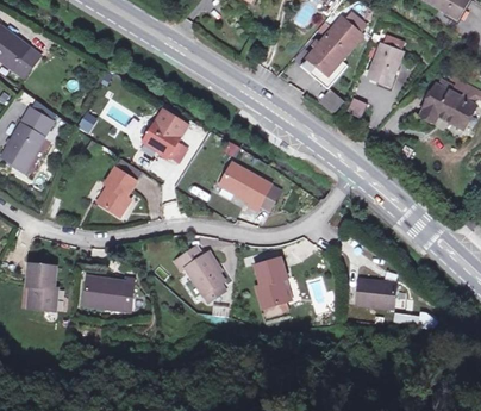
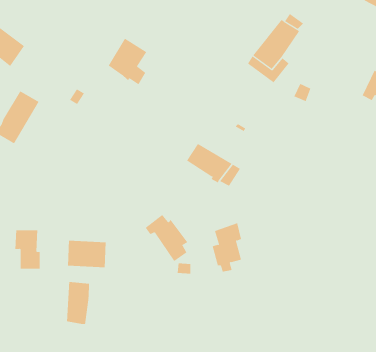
building: [367,42,400,83] -> none
building: [145,110,190,164] -> [108,38,147,85]
building: [98,167,136,216] -> none
building: [355,282,394,310] -> none
building: none -> [67,281,90,325]

